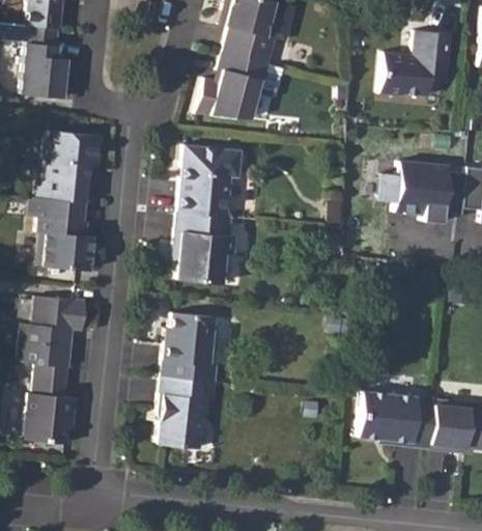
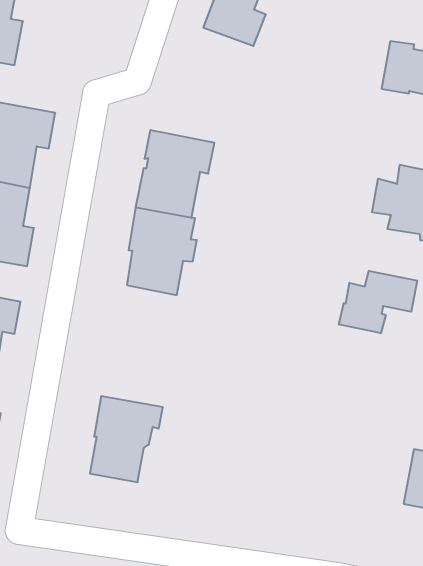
building: [195,52,267,123] -> none
building: none -> [339,271,417,333]
building: [161,313,217,382] -> none
building: [357,387,434,448] -> none

